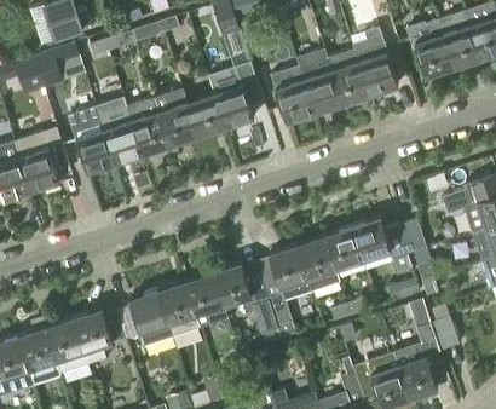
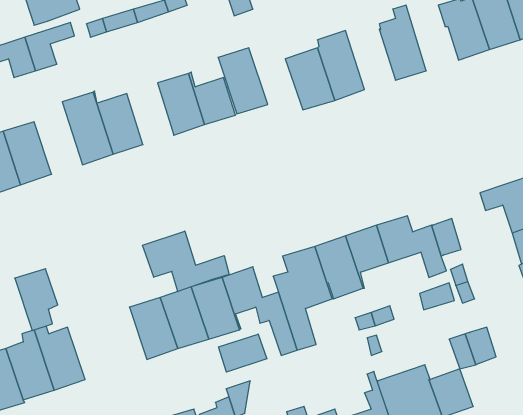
building: [323,50,368,104] -> none
building: [126,98,168,154] -> none
building: none -> [142,231,229,292]
building: [73,310,111,365] -> [15,269,58,330]
building: none -> [219,334,267,372]

